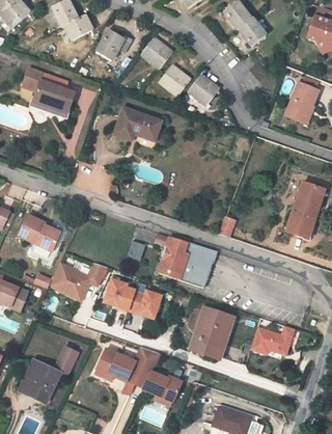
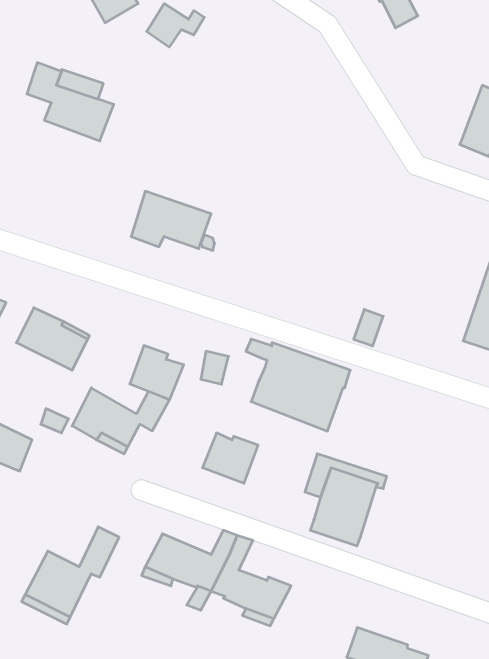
building: [142,39,170,69] -> none
building: [160,67,188,97] -> none
building: [188,78,217,107] -> none
building: [111,109,159,143] -> [131,191,211,249]
building: [105,277,137,309] -> [130,346,184,399]
building: [249,328,294,357] -> none

